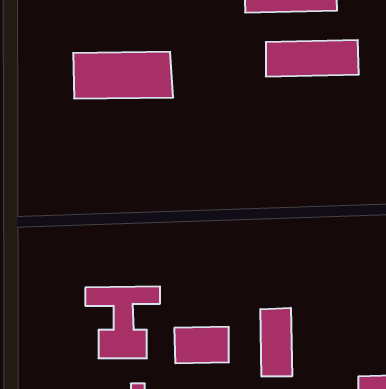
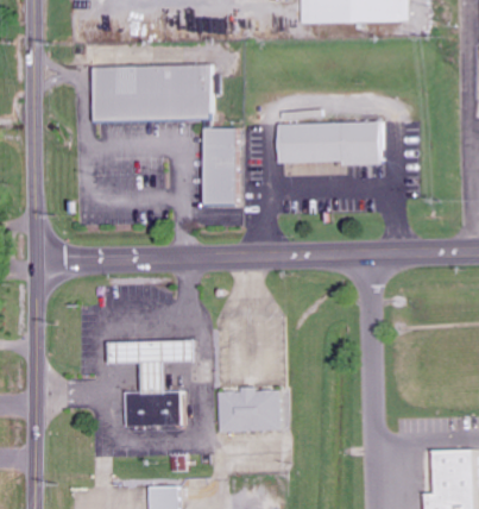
building: [266,40,359,76] -> [277,122,386,165]
building: none -> [209,128,239,206]
building: [260,308,292,377] -> none

